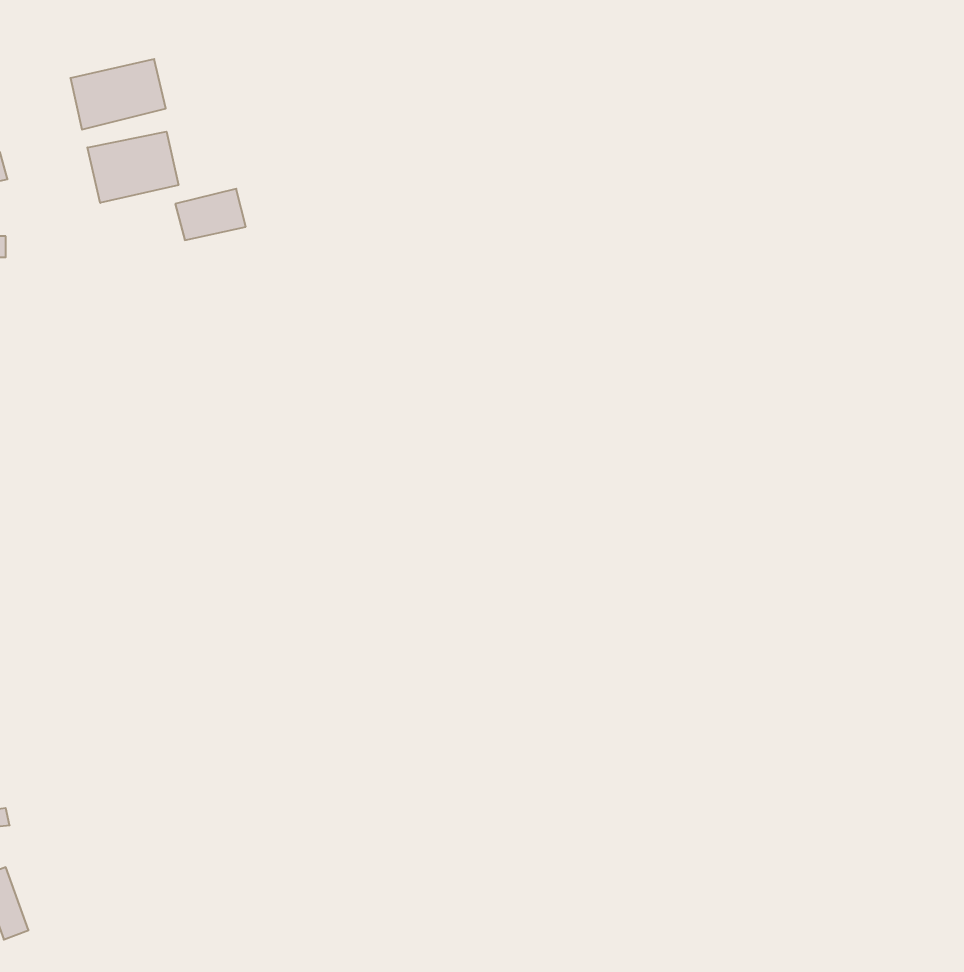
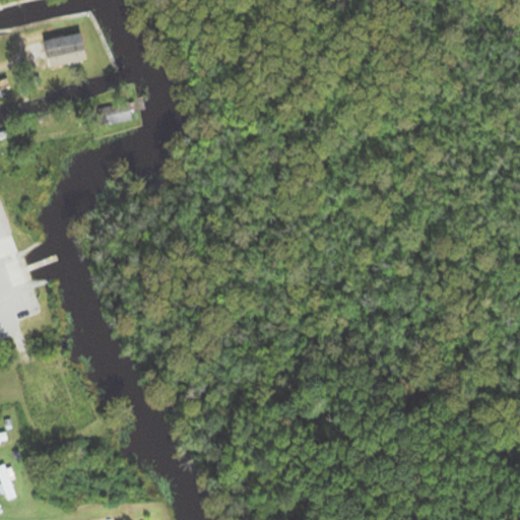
building: [87,132,178,203] -> none

